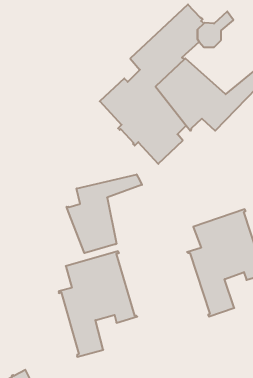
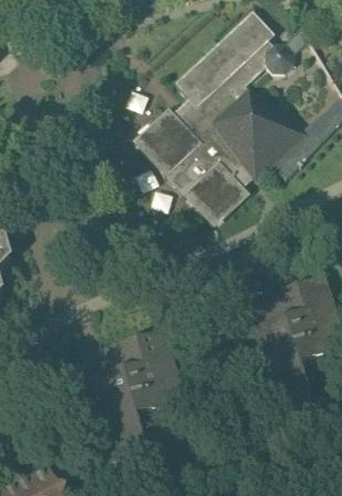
building: [67,174,142,253] -> none

